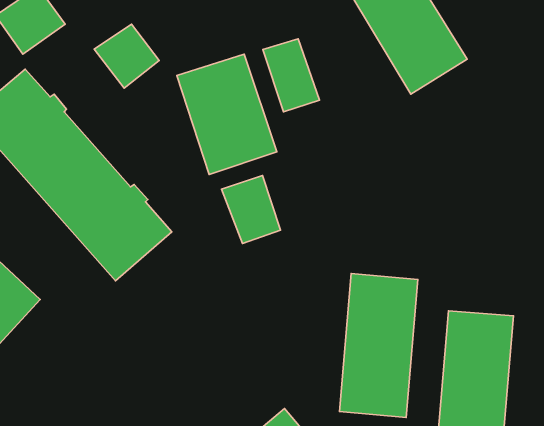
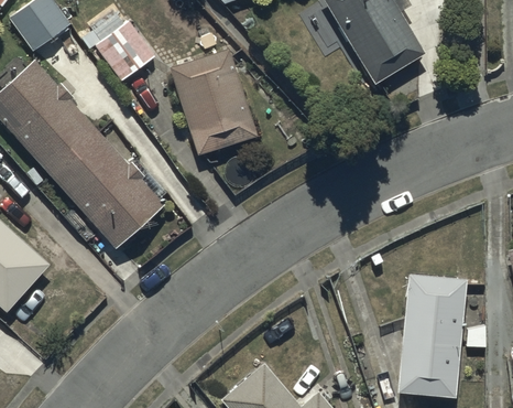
building: [263,39,319,112] -> none
building: [221,175,280,243] -> none
building: [340,273,418,417] -> none

